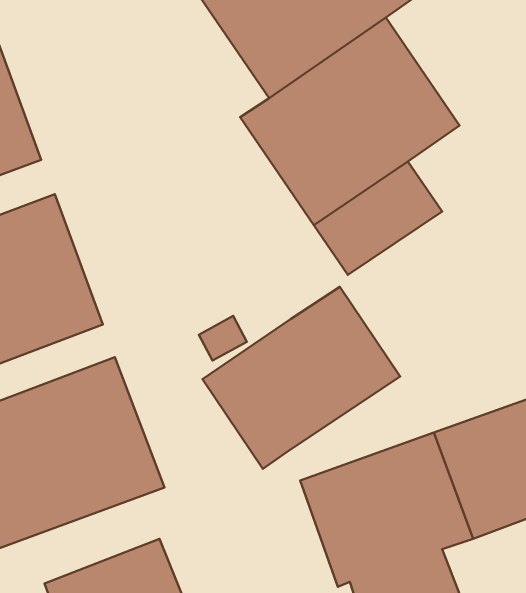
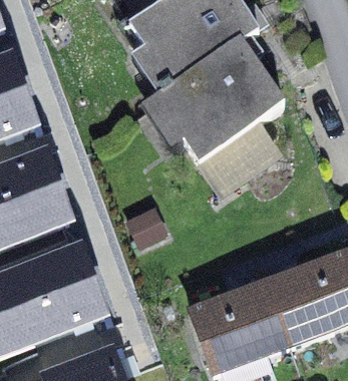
building: [203,287,400,469] -> none

